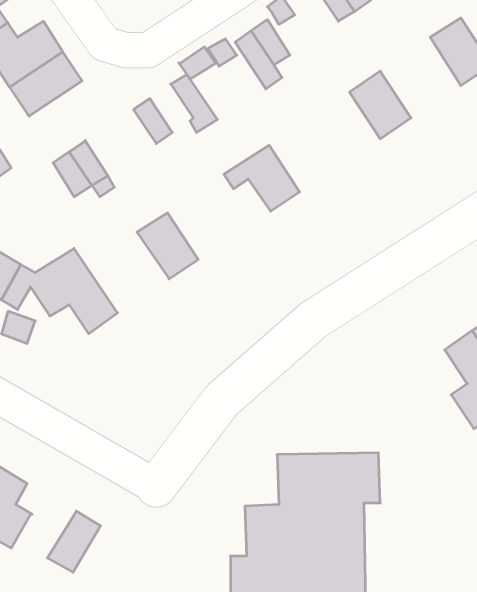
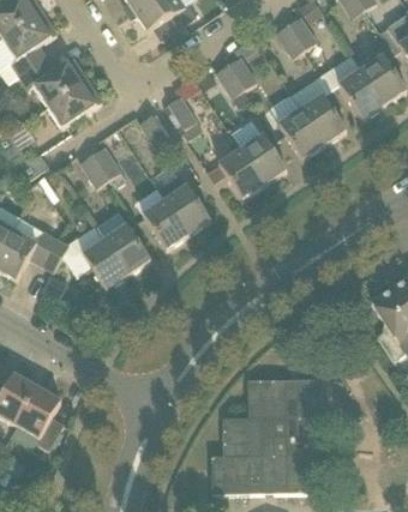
building: none -> [322,54,384,119]
building: none -> [278,109,324,158]
building: none -> [241,133,287,183]
building: none -> [158,173,211,234]
building: none -> [96,210,151,273]
building: [47,511,101,572] -> none

